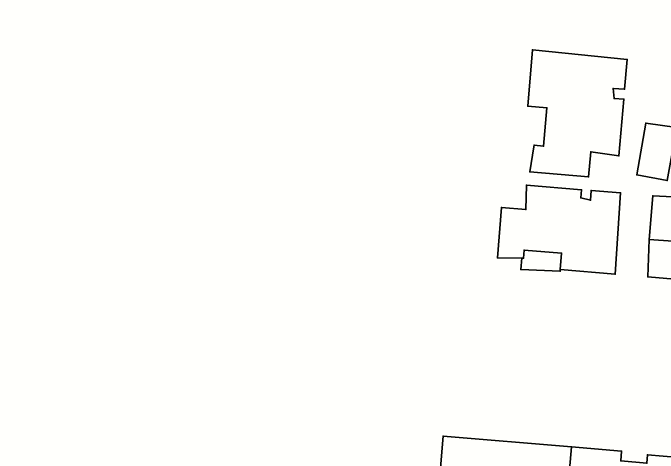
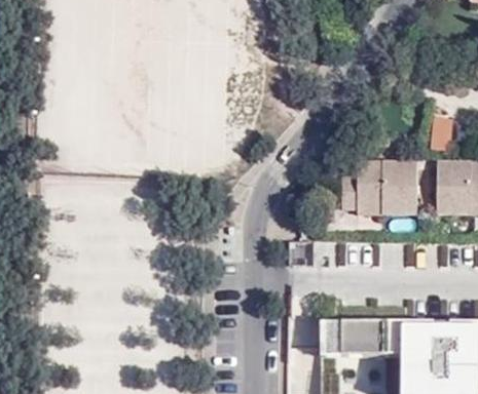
building: [528,50,627,177] -> none

